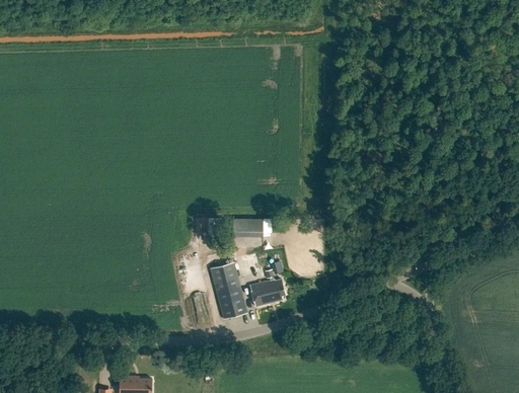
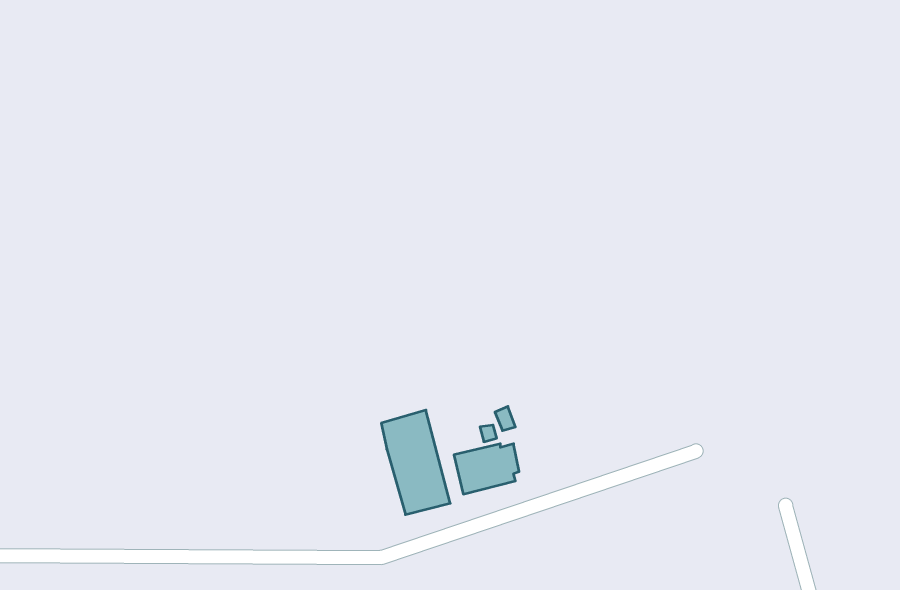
building: [232,217,263,234] -> none

